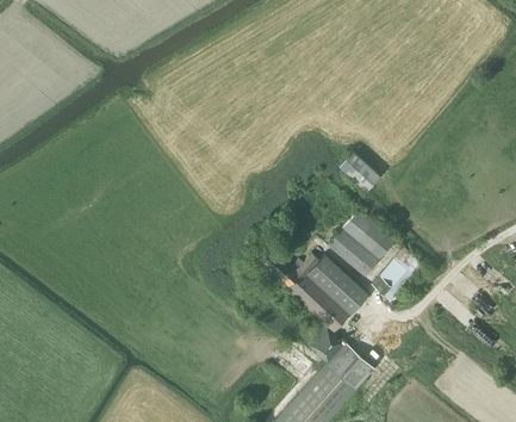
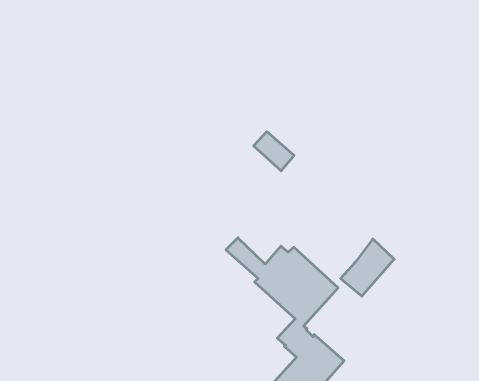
building: [338,150,379,190] -> [254,132,294,171]
building: [328,209,394,277] -> none

